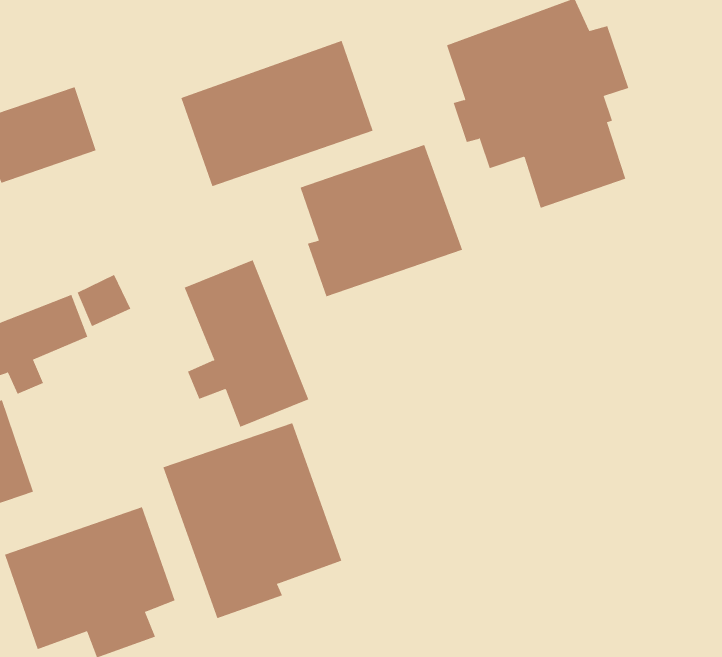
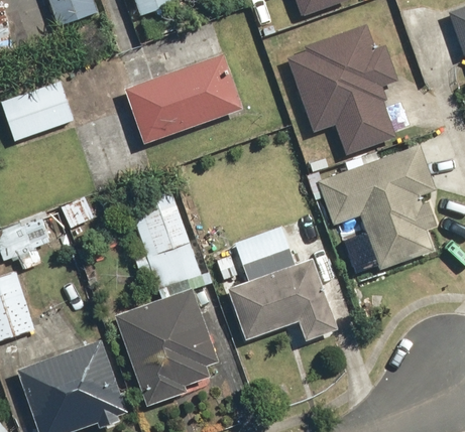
building: [300,144,463,297] -> none
building: none -> [316,145,435,271]
building: none -> [228,247,335,339]

